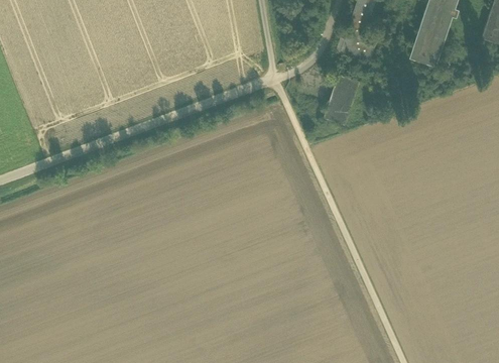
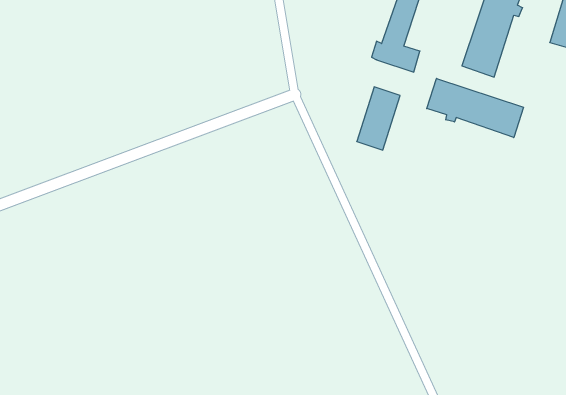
building: none -> [427,78,523,138]

